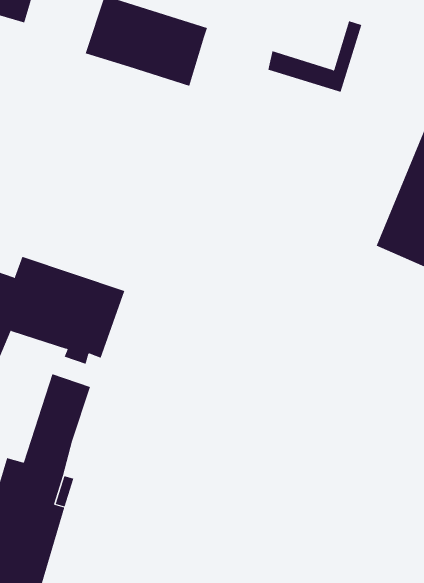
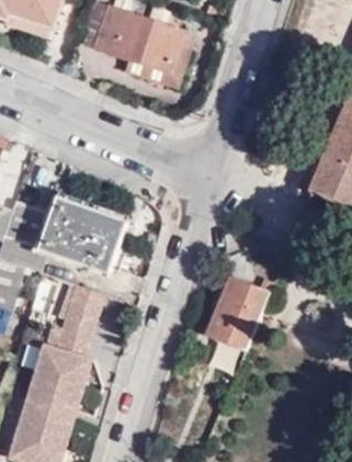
building: [267,20,362,93] -> [125,37,194,90]
building: none -> [208,277,268,350]

